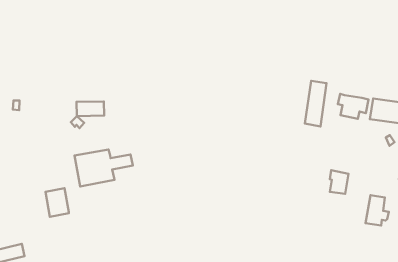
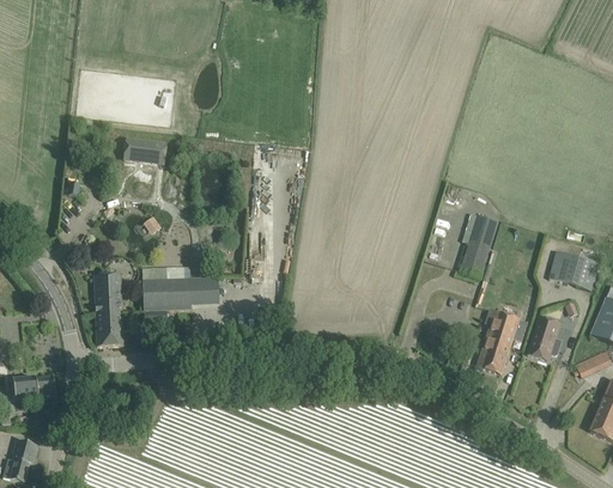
building: [338,94,368,119] -> [485,310,527,347]
building: [77,101,104,116] -> [126,140,165,164]
building: none -> [93,274,122,311]
building: [366,195,389,225] -> [527,317,560,360]

